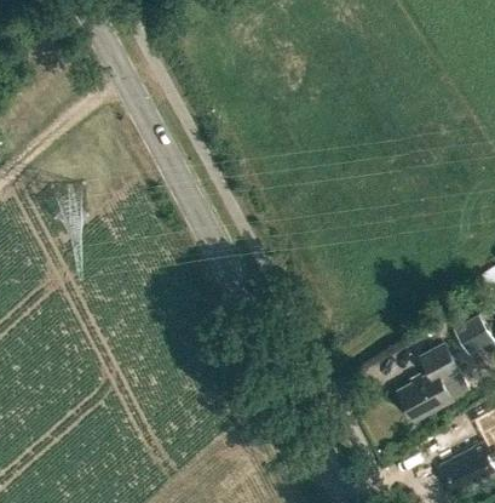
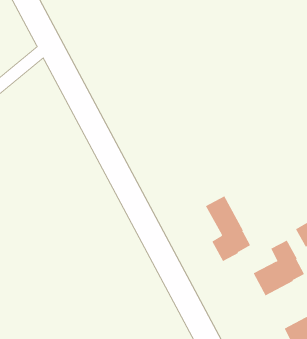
building: none -> [205,195,251,262]

